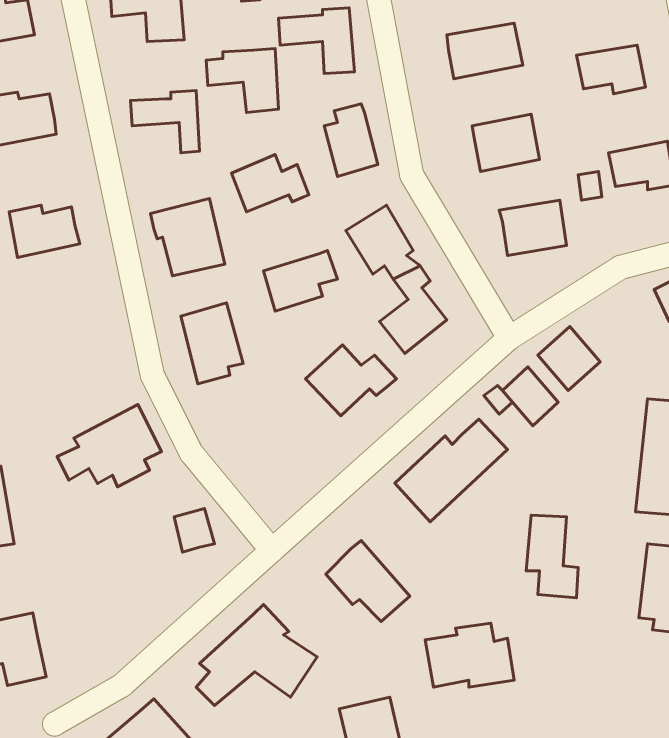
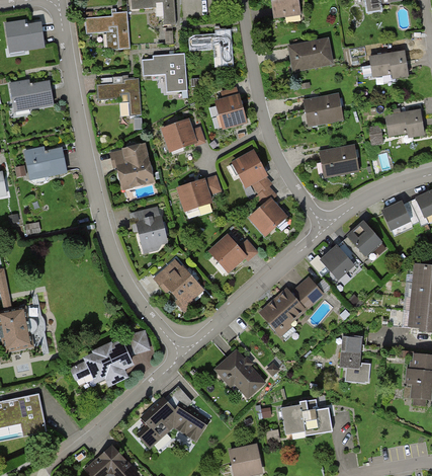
building: none -> [378,201,409,230]
building: none -> [155,259,203,309]
building: [57,404,161,487] -> [68,337,131,387]

